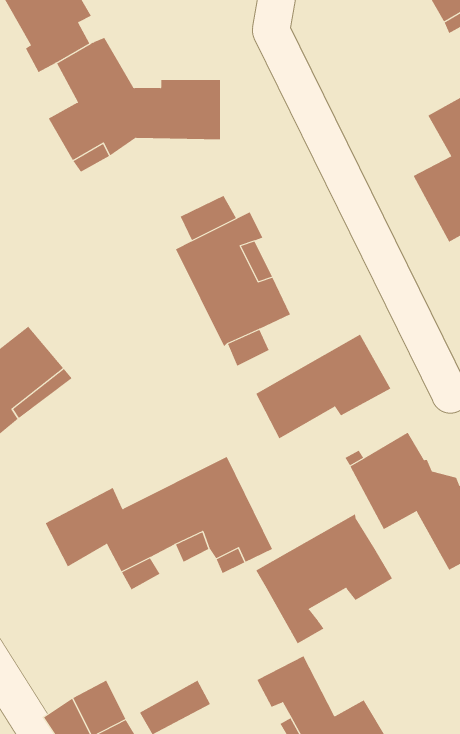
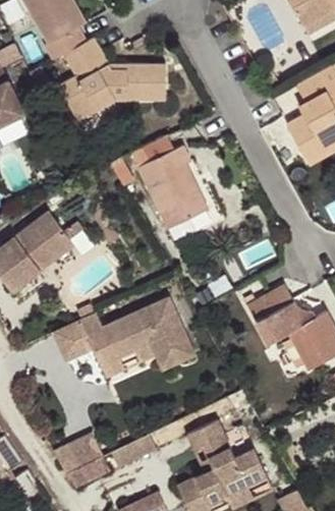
building: [256,334,391,439] -> none
building: [256,514,393,644] -> none

